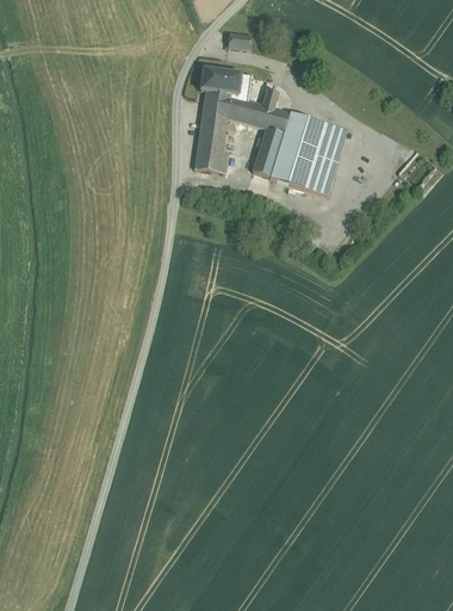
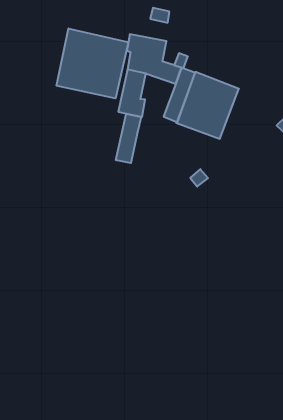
building: none -> [57,28,128,98]
building: none -> [116,114,141,163]

